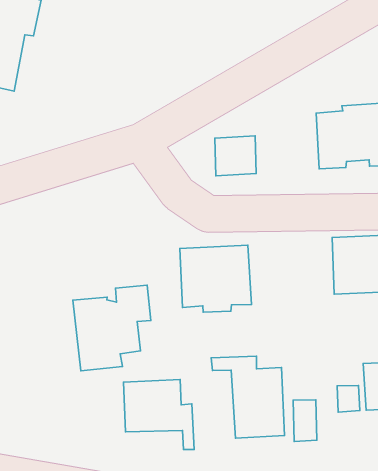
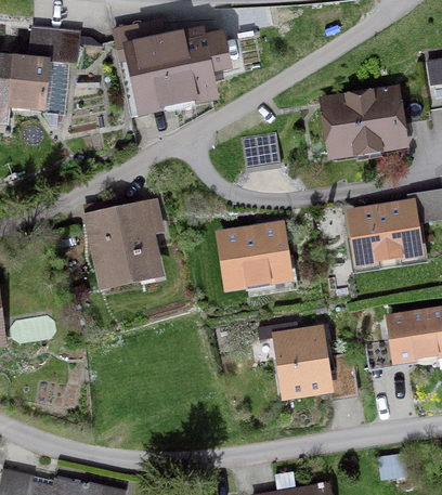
building: none -> [118,32,226,116]
building: [73,285,151,371] -> [92,199,161,279]
building: [123,380,194,449] -> none

